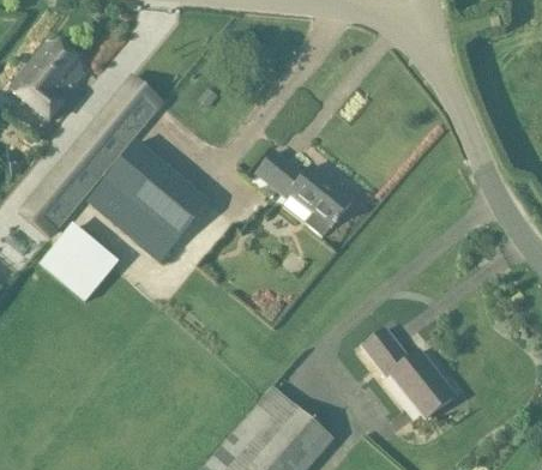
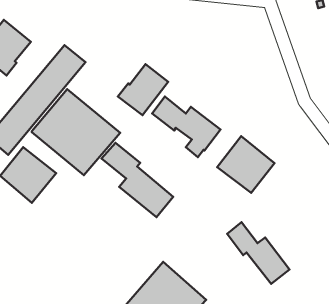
building: none -> [118,64,168,115]
building: none -> [217,136,274,193]
building: none -> [102,143,173,217]

